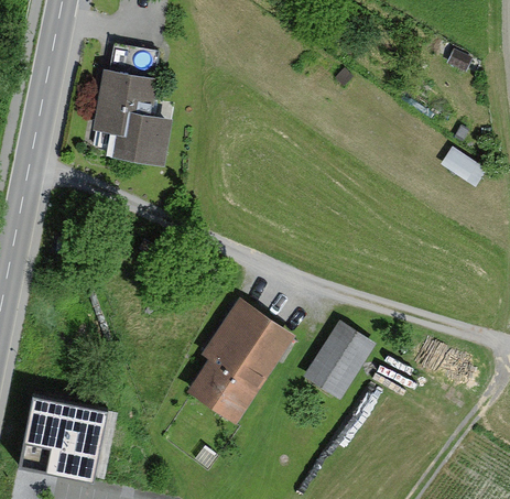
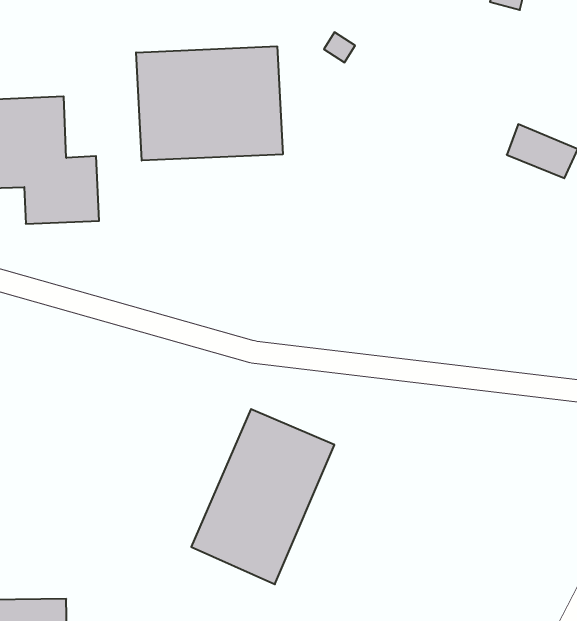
building: none -> [136,46,283,161]
building: [306,322,376,398] -> none

